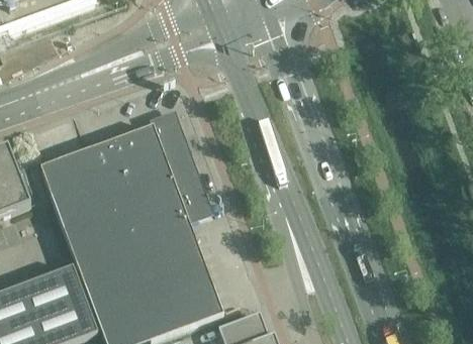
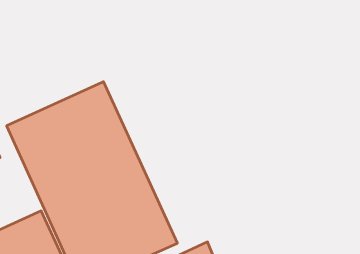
building: [147,106,212,219] -> none

